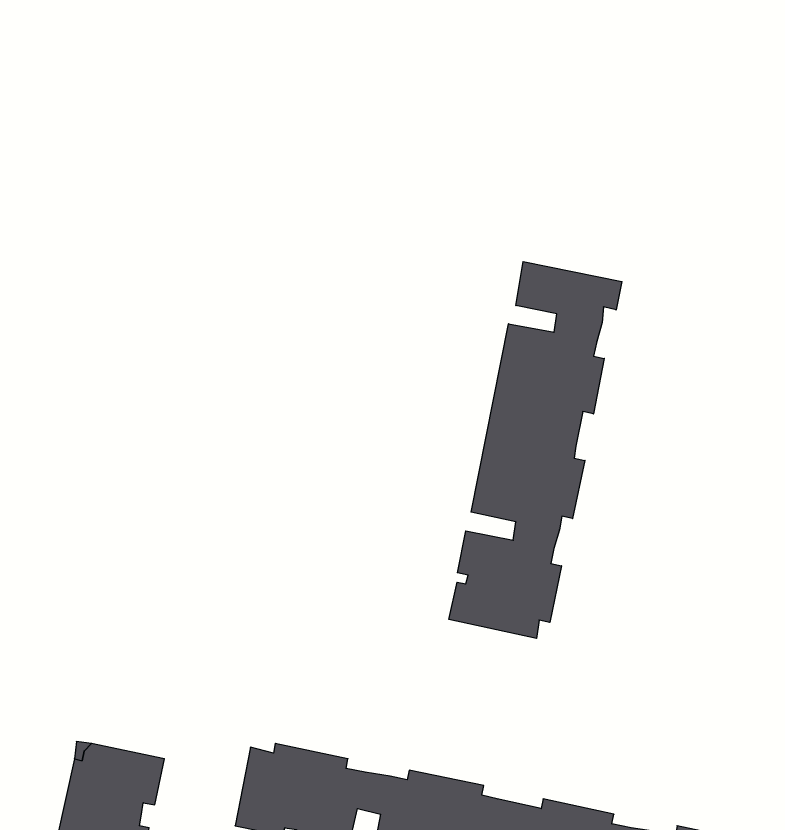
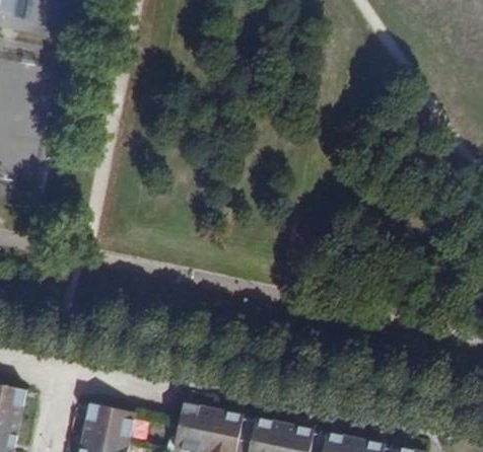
building: [449,262,622,638] -> none

